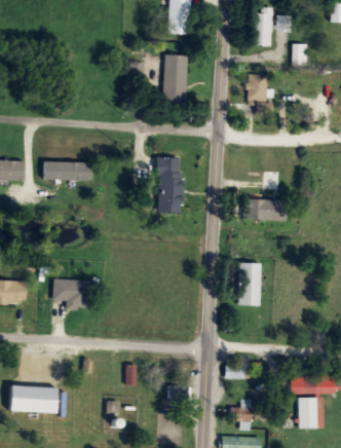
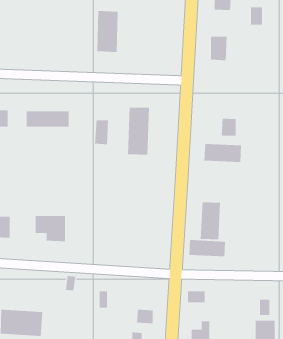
building: [163,53,188,101] -> [97,11,119,52]
building: none -> [95,119,109,145]
building: none -> [189,239,226,257]

